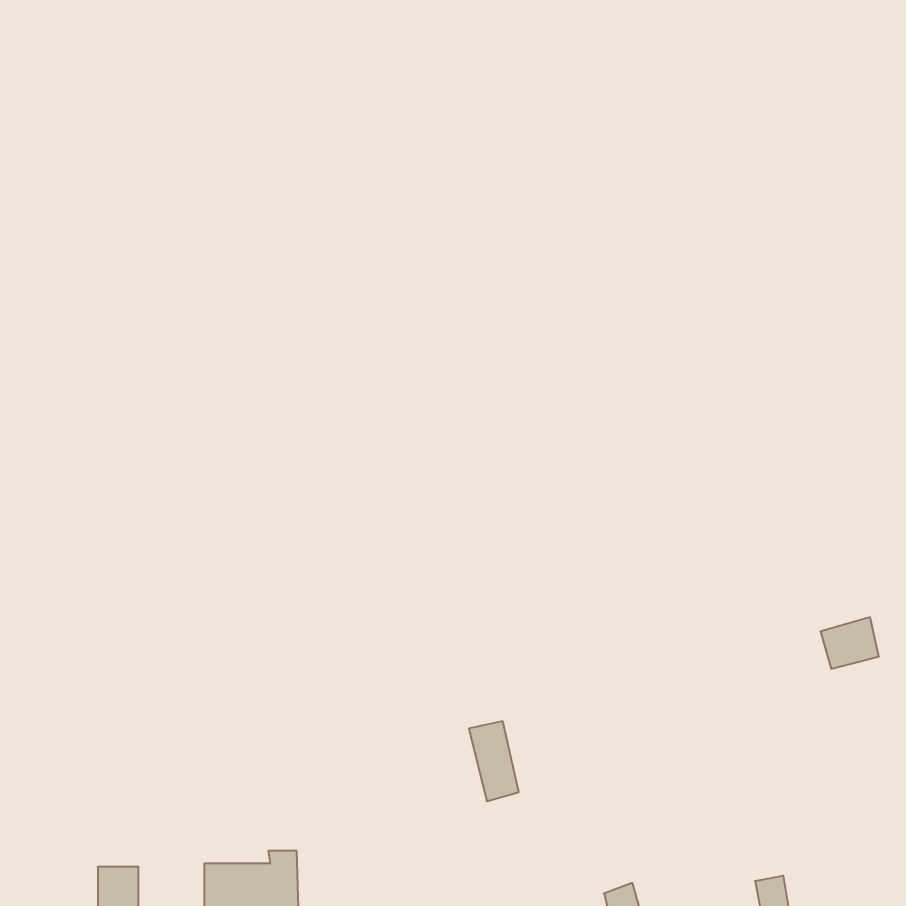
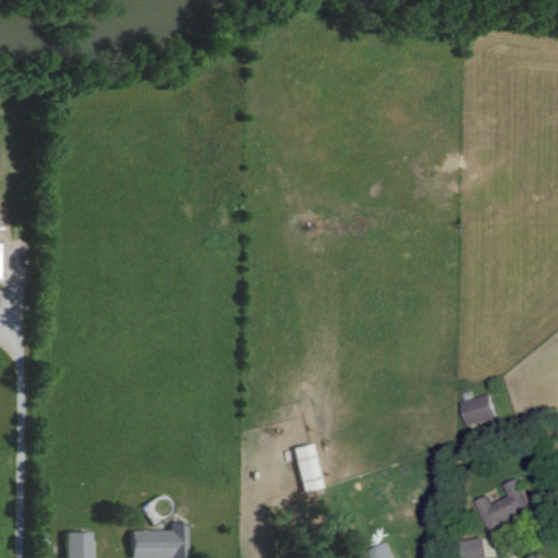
building: [820,617,879,669] -> [462,395,498,426]
building: none -> [477,478,534,531]

